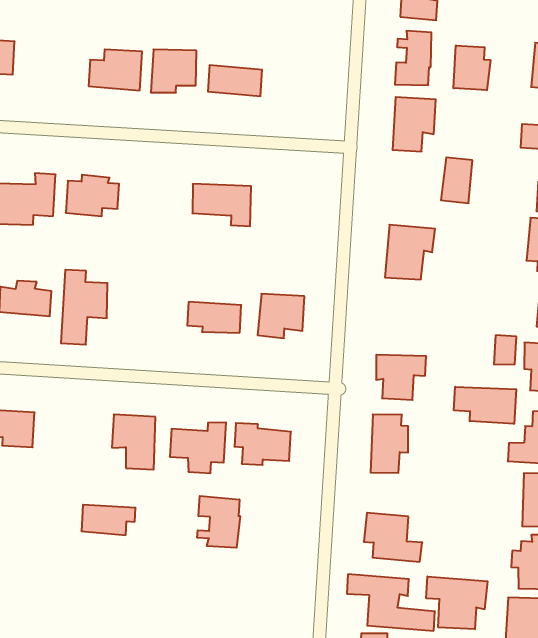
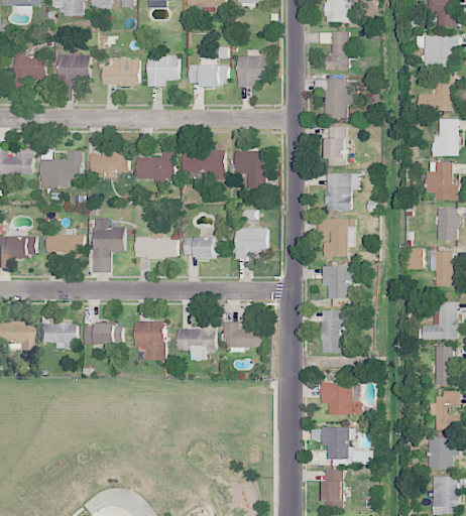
building: none -> [60,48,90,83]
building: [453,45,490,90] -> none
building: none -> [237,49,269,87]
building: [441,157,472,203] -> [325,126,346,158]
building: none -> [136,151,176,184]
building: none -> [234,150,265,188]
building: none -> [320,218,355,257]
building: none -> [135,231,178,258]
building: [454,387,516,424] -> none
building: [197,496,240,548] -> none
building: [81,505,136,535] -> [84,325,122,345]
building: [426,576,487,629] -> none

